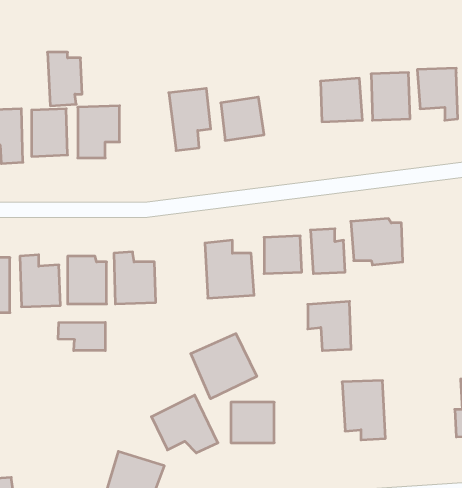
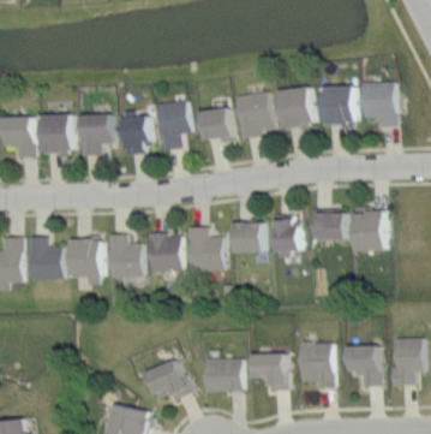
building: [47,52,82,106] -> [120,109,149,154]
building: none -> [233,89,273,142]
building: none -> [352,206,385,249]
building: none -> [148,232,181,273]
building: [308,301,351,351] -> [253,352,289,393]
building: [58,322,105,351] -> none
building: [191,334,257,399] -> none
building: none -> [345,344,381,390]

